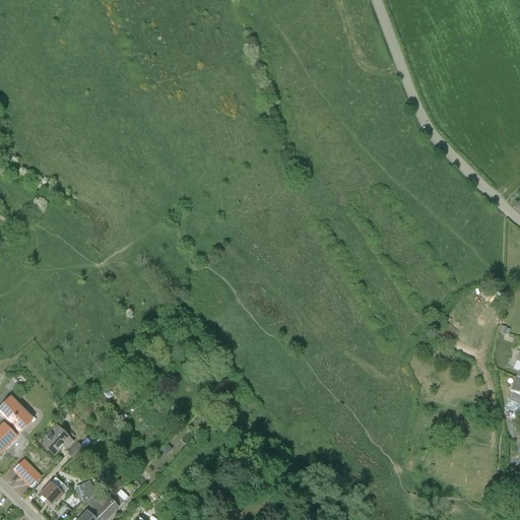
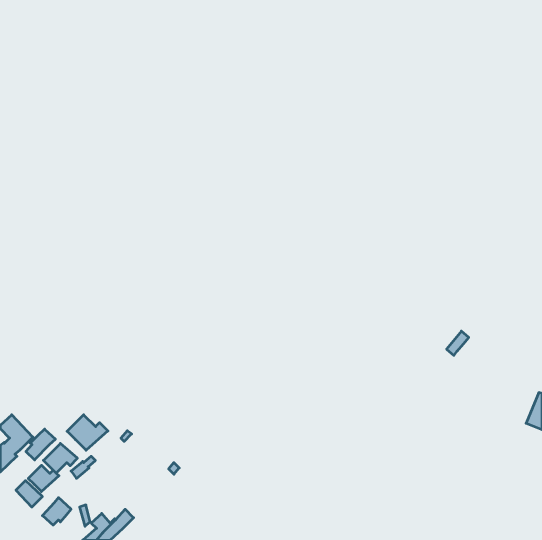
building: none -> [67,415,108,450]
building: none -> [26,429,55,460]
building: none -> [28,465,59,492]

